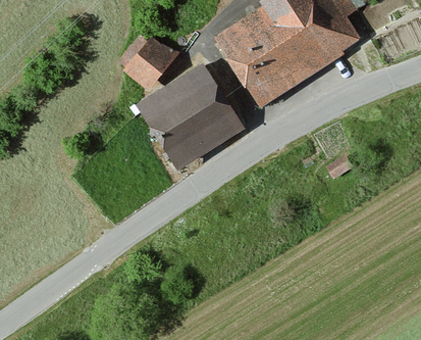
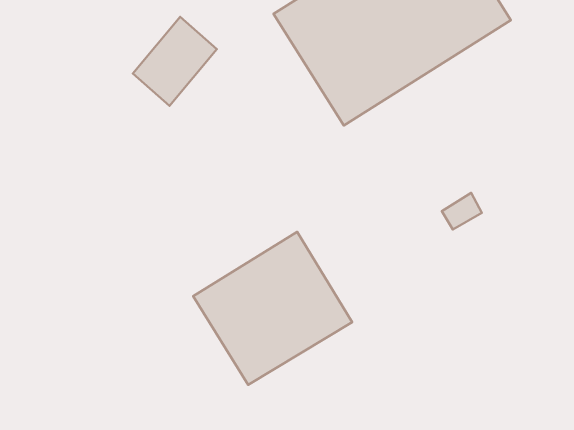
building: [135,62,241,164] -> [193,232,352,385]

